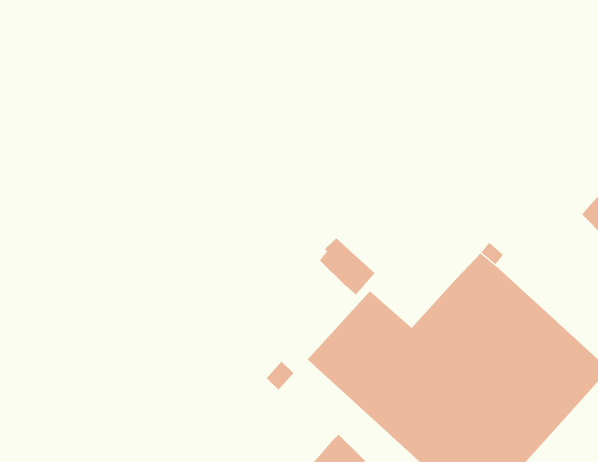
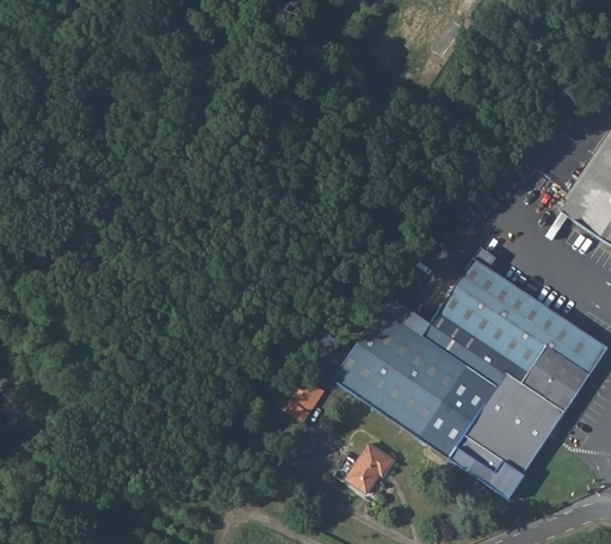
building: [319,237,376,295] -> none

